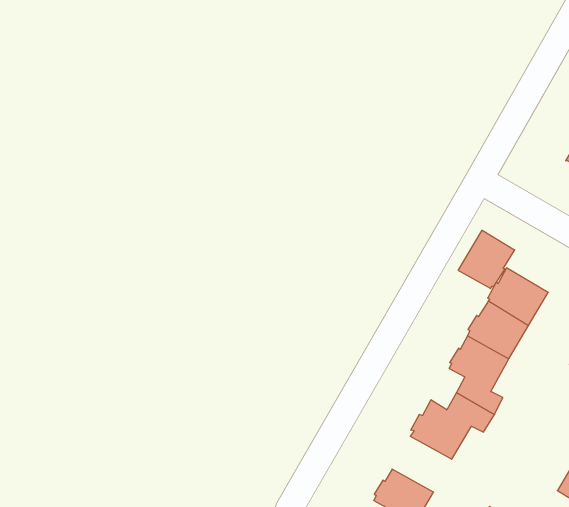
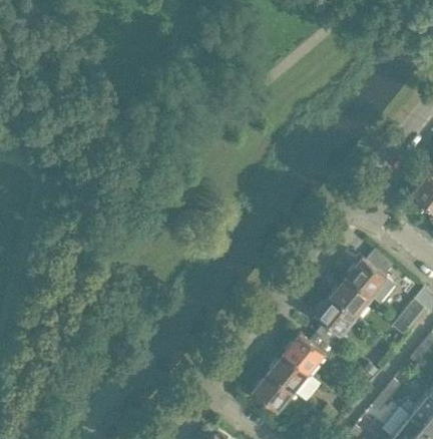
building: [458,230,515,289] -> none
building: none -> [270,354,309,392]

